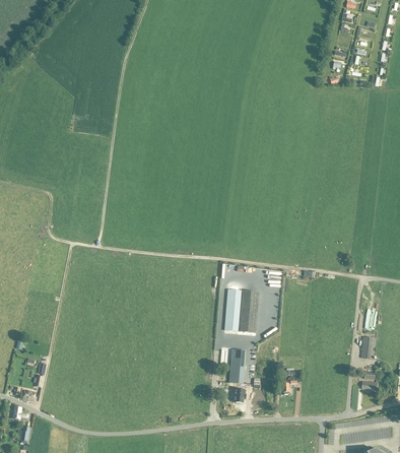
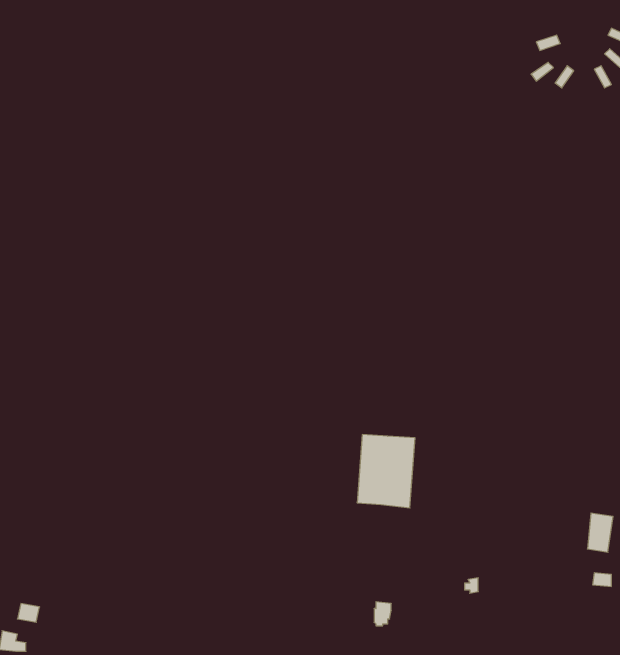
building: [228,349,246,386] -> none

